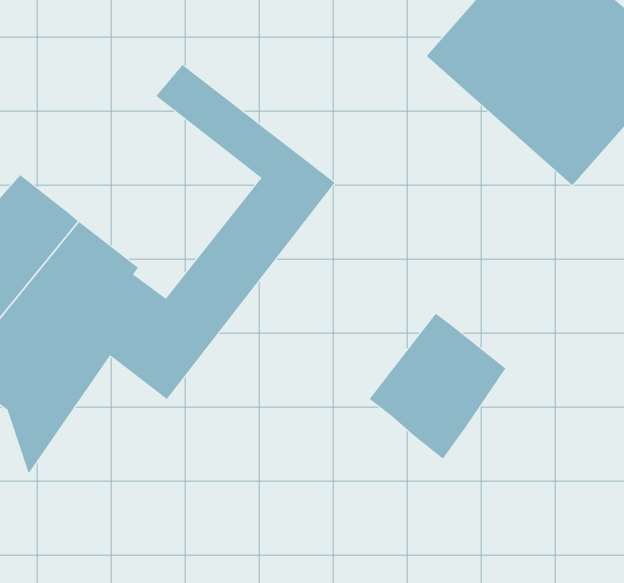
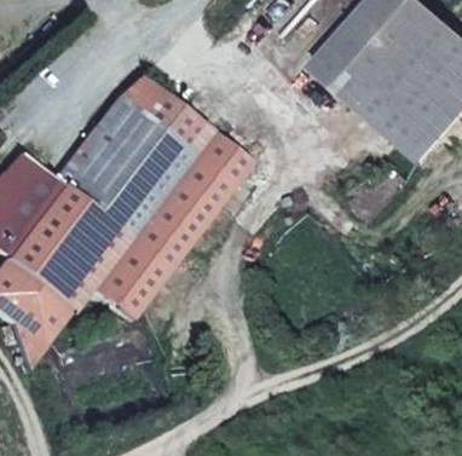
building: none -> [53,97,194,243]
building: [369,313,506,459] -> none

